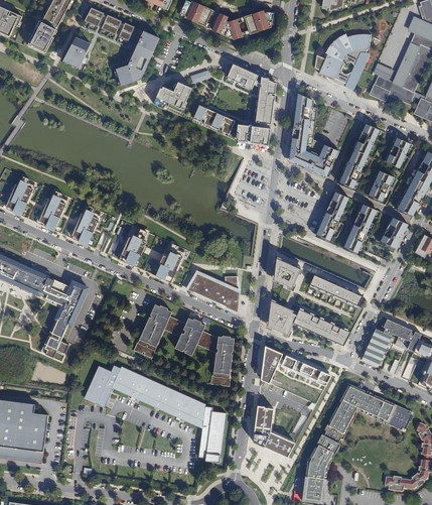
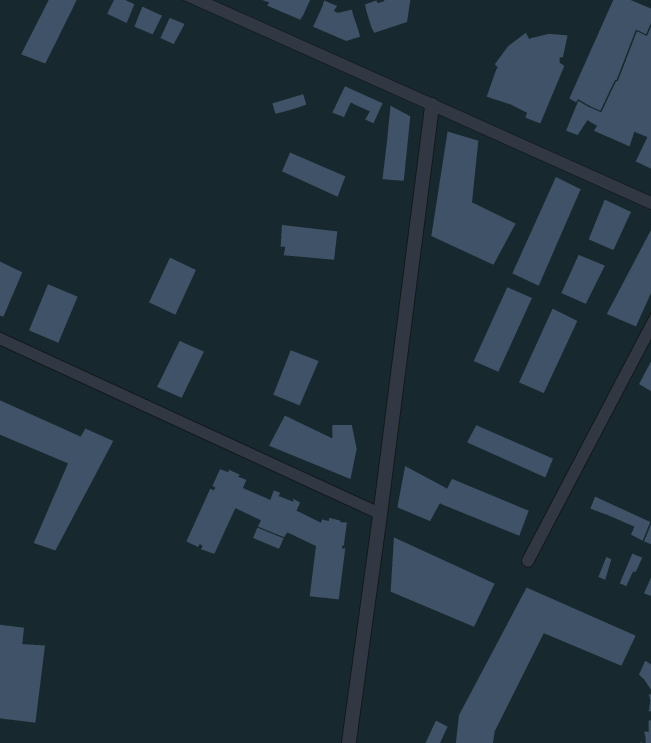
building: [115,32,158,86] -> none
building: [62,36,90,70] -> none
building: [155,84,189,110] -> none
building: [237,124,273,146] -> [280,225,338,260]
building: [69,204,100,240] -> [148,257,197,315]
building: [378,217,409,248] -> none
building: [154,243,183,278] -> [272,349,319,406]
building: [273,260,300,290] -> none
building: [363,325,396,365] -> none
building: [85,365,226,462] -> none
building: [255,407,296,457] -> none

